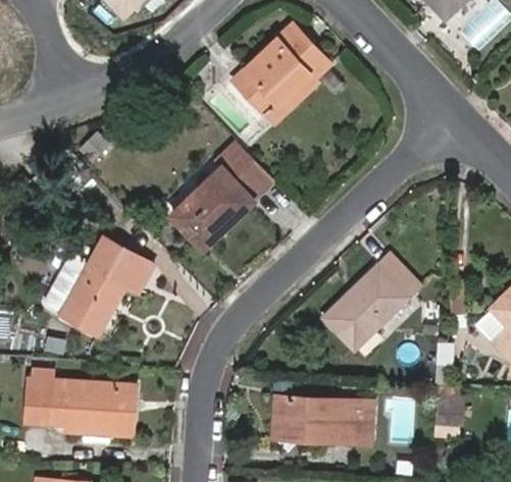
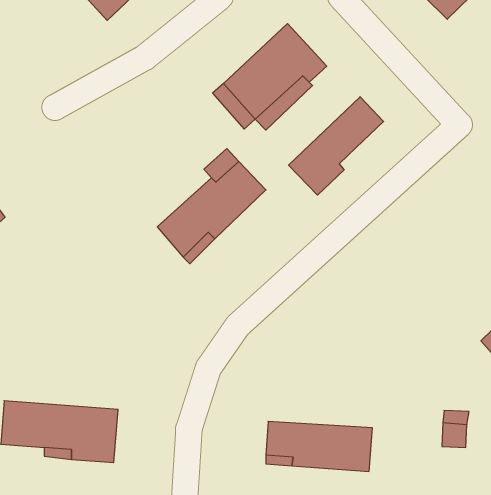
building: none -> [289,97,384,195]
building: [44,236,153,333] -> none
building: [325,254,420,347] -> none

